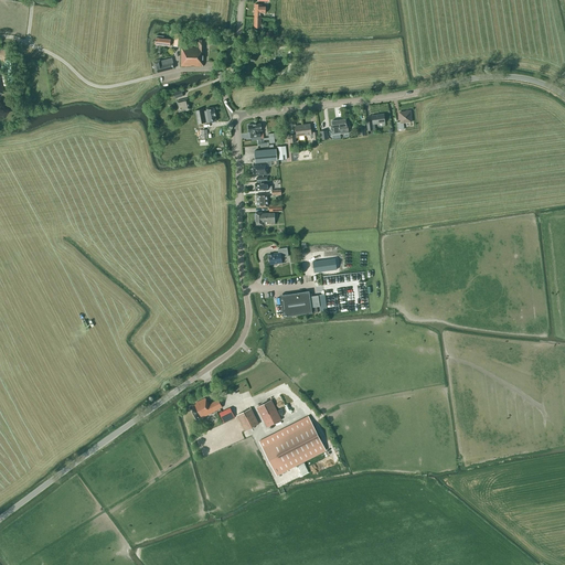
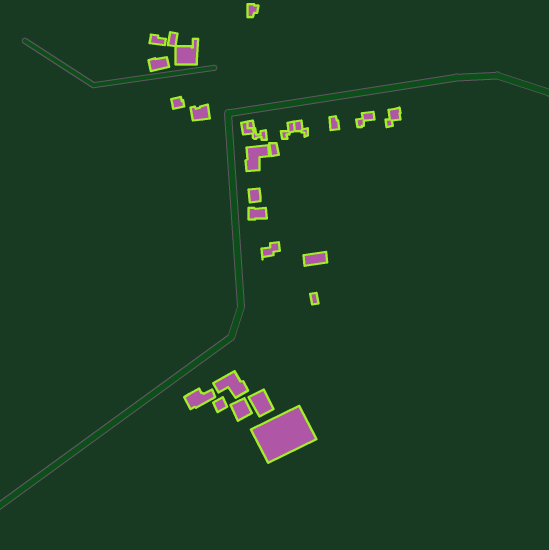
building: [279,291,317,318] -> none
building: none -> [213,371,248,398]

